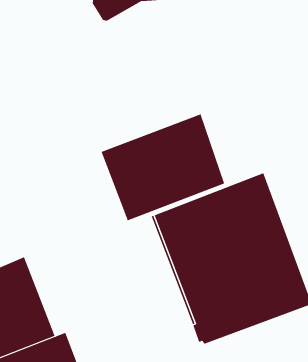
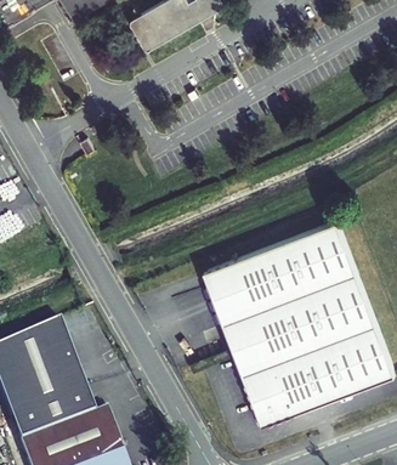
building: [101,113,225,221] -> none

